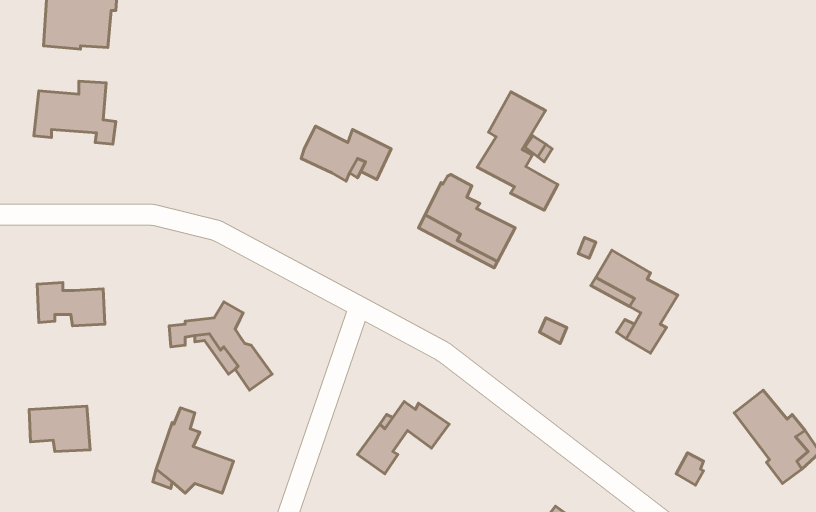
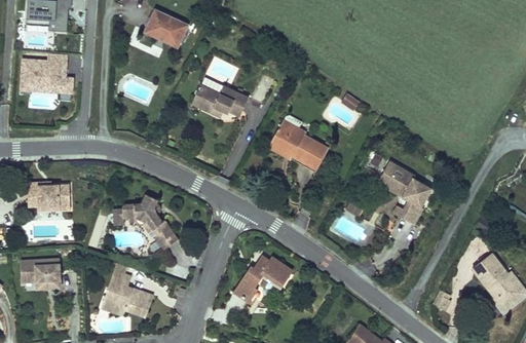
building: none -> [152,8,196,48]
building: [477,92,558,210] -> none

